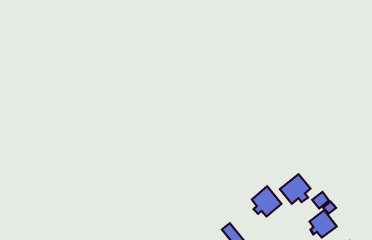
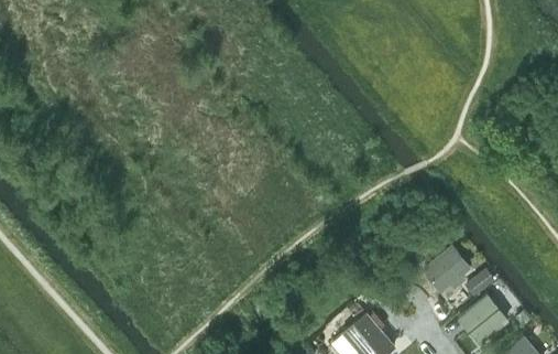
building: [252,186,282,217] -> none

